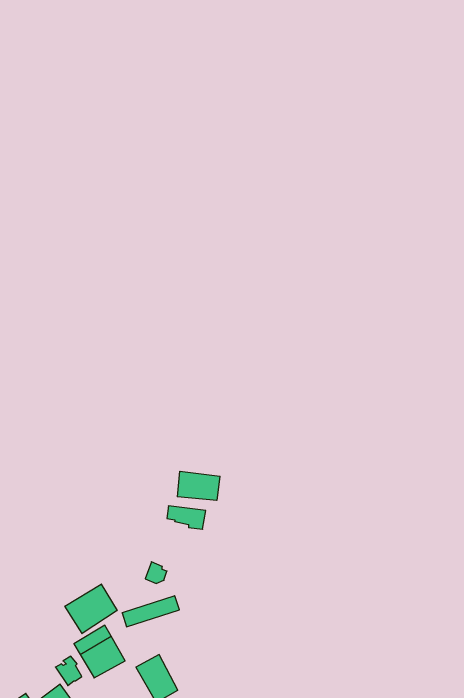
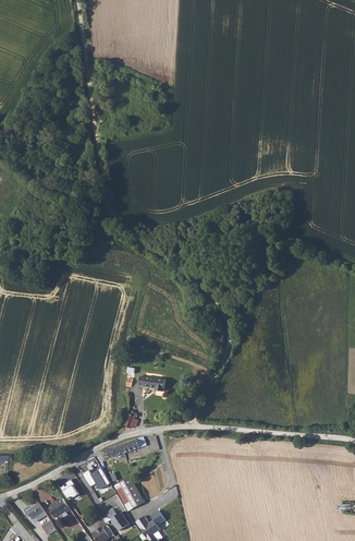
building: [177,471,220,500] -> none
building: [65,584,117,634] -> none

